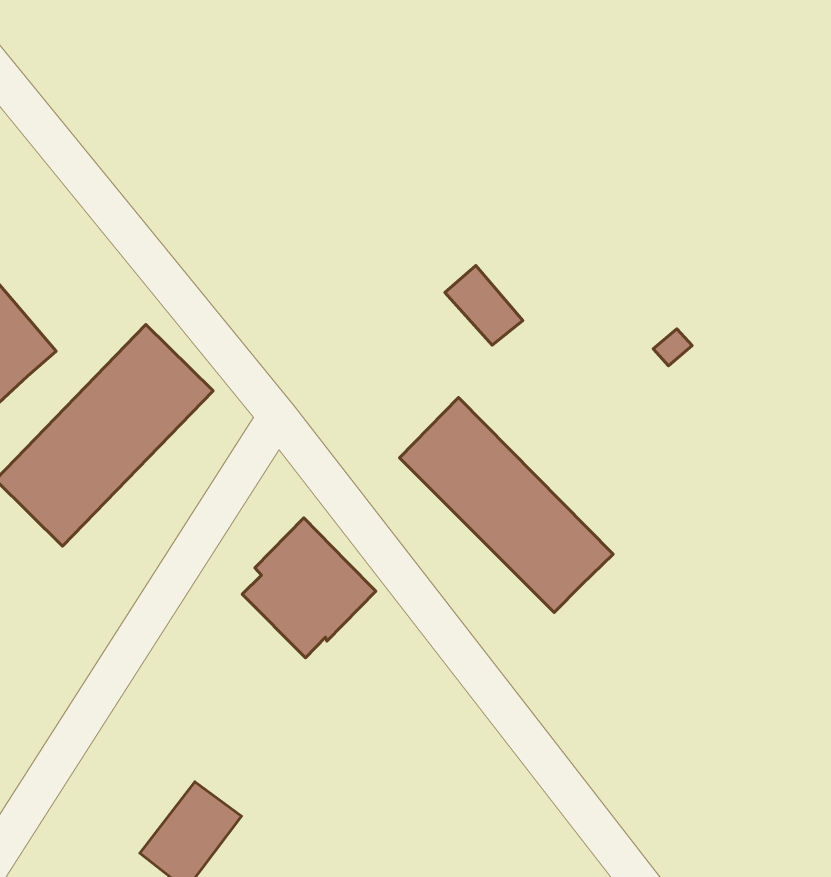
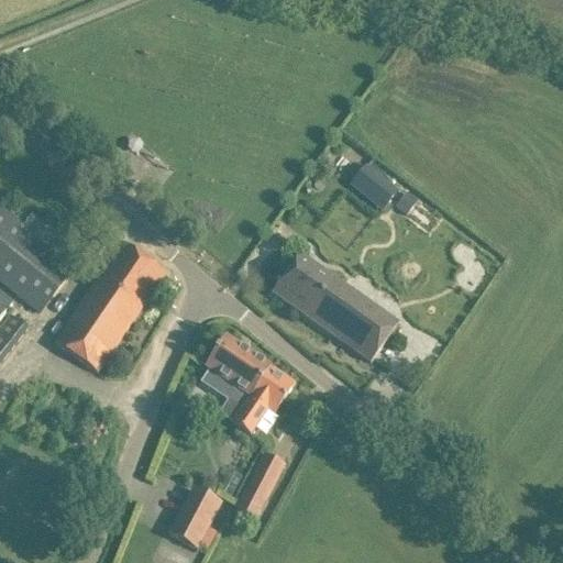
building: [445,266,523,345] -> [351,164,396,206]
building: none -> [231,365,294,432]
building: none -> [234,452,284,521]

